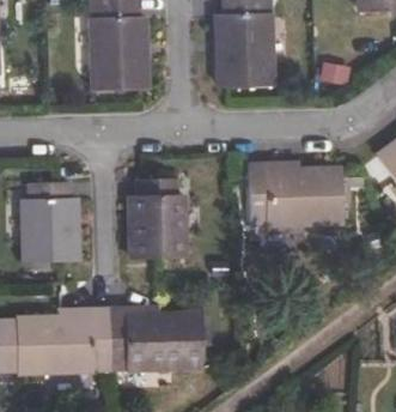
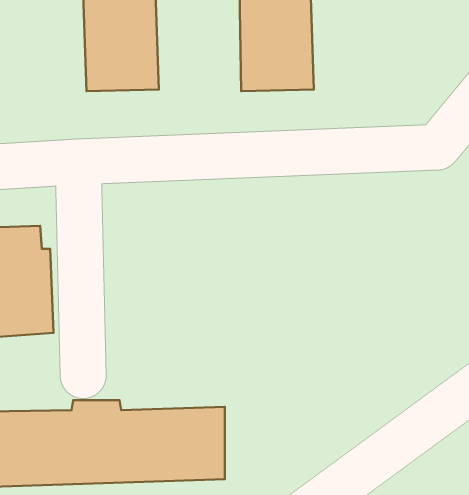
building: [249,165,341,225] -> none
building: [130,181,184,259] -> none

